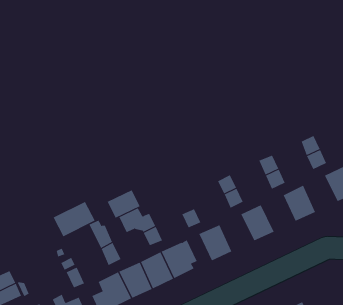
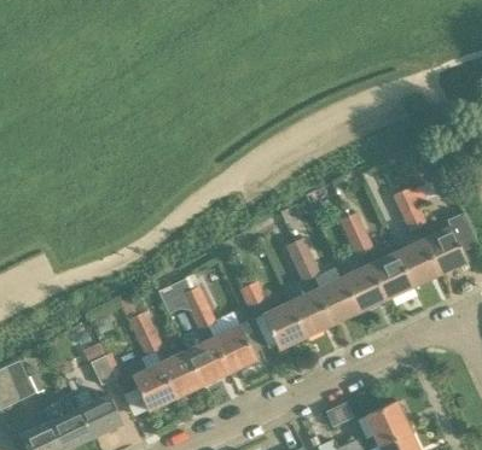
building: none -> [396,239,440,286]
building: [107,190,140,218] -> none
building: none -> [342,264,385,311]
building: [53,201,96,237] -> none
building: none -> [289,288,332,337]

